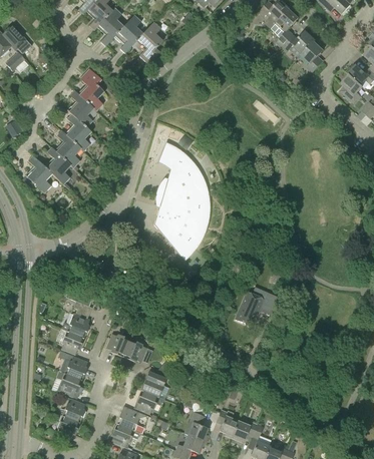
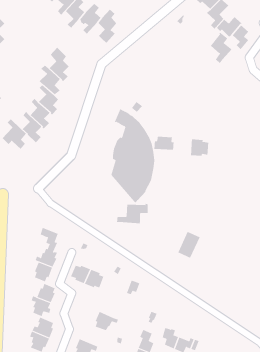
building: none -> [210,32,232,64]
building: none -> [154,136,174,151]
building: none -> [191,139,209,157]
building: none -> [116,203,148,224]
building: [140,373,165,398] -> none
building: [116,407,146,433] -> none

